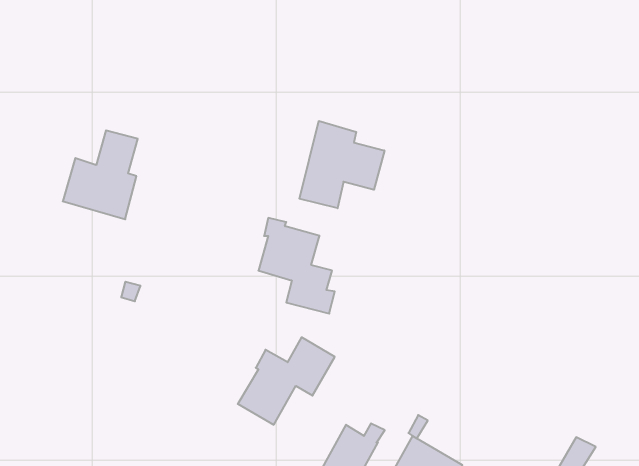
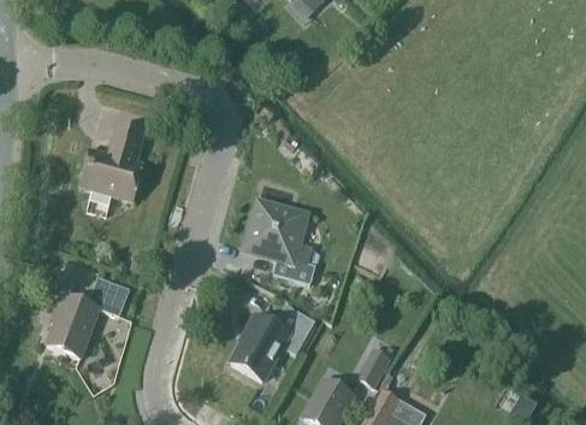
building: [299,121,384,208] -> none
building: none -> [46,276,129,356]
building: none -> [354,346,391,388]

